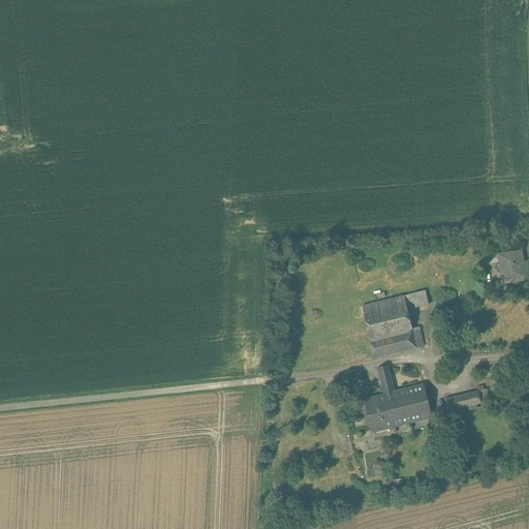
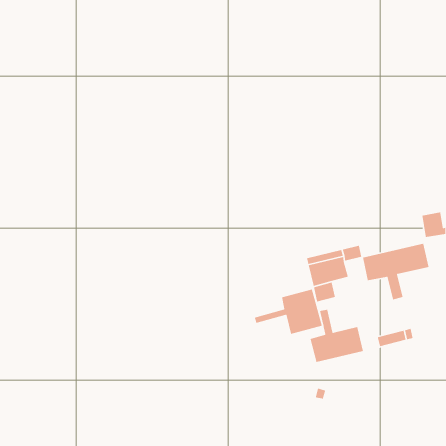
building: none -> [362,243,430,300]
building: [393,325,424,351] -> none
building: none -> [254,289,323,335]

